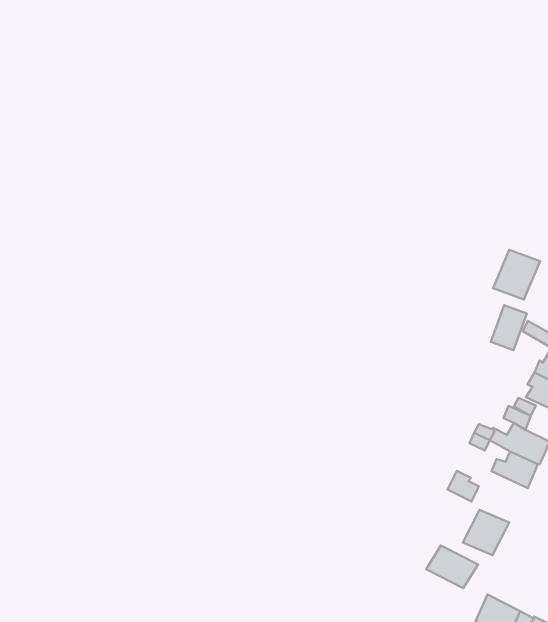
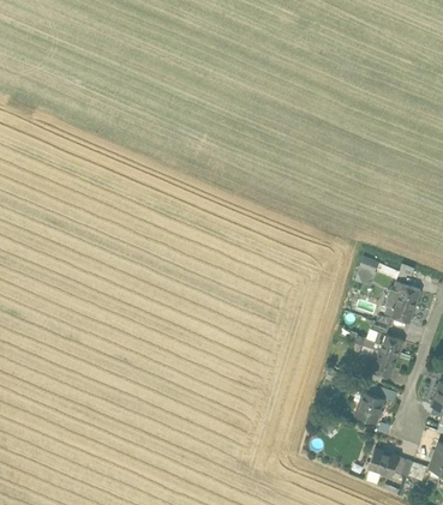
building: [493,250,540,299] -> none
building: [426,546,478,588] -> none

